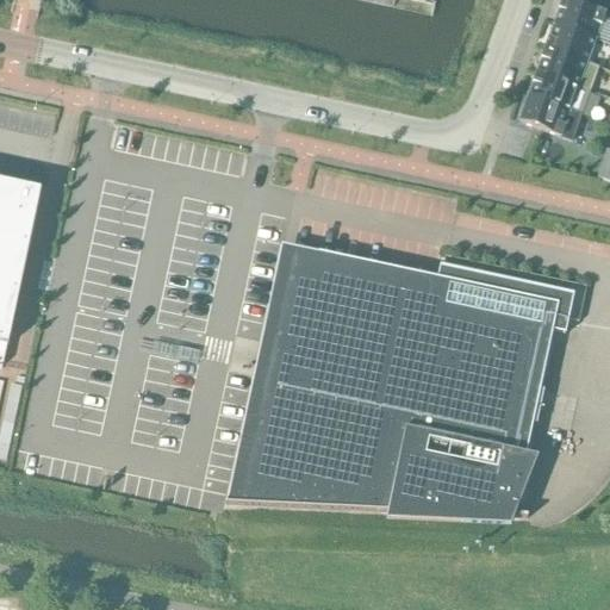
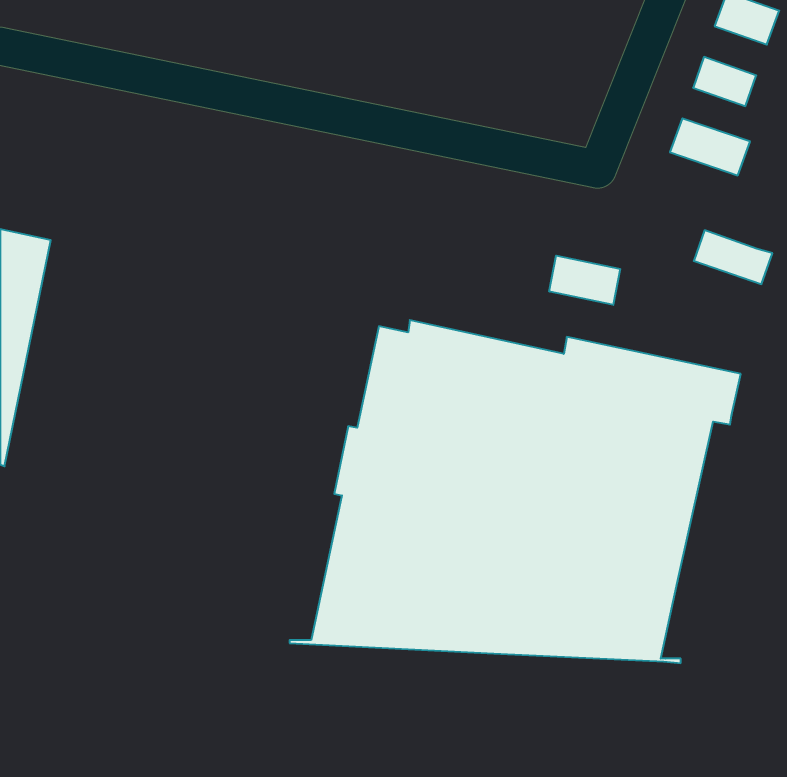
building: [544,20,593,58] -> none
building: [528,68,589,110] -> [694,230,772,284]
building: none -> [549,256,620,305]

